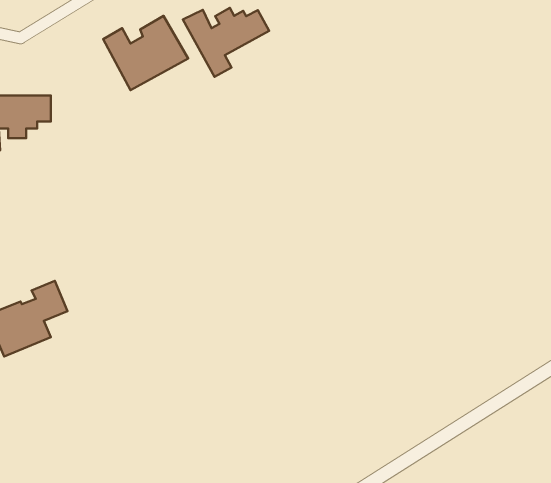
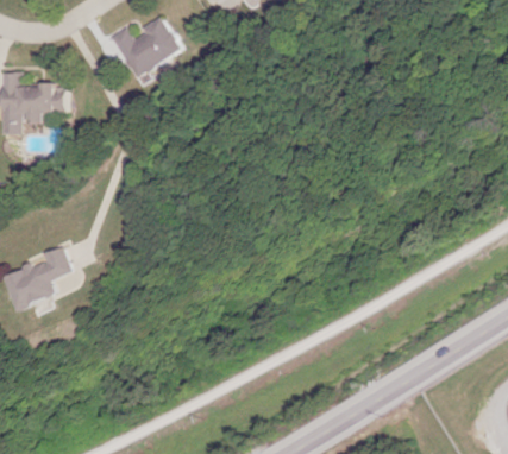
building: [183,8,269,77] -> none

